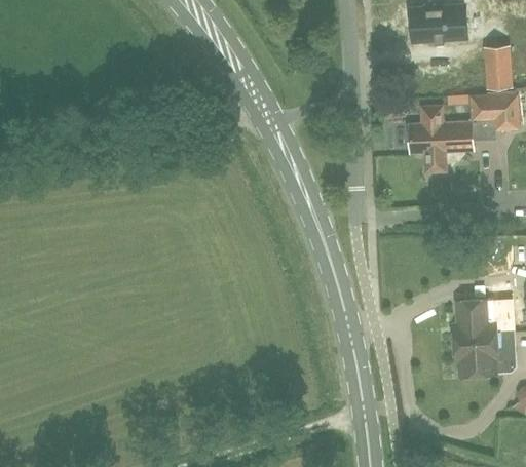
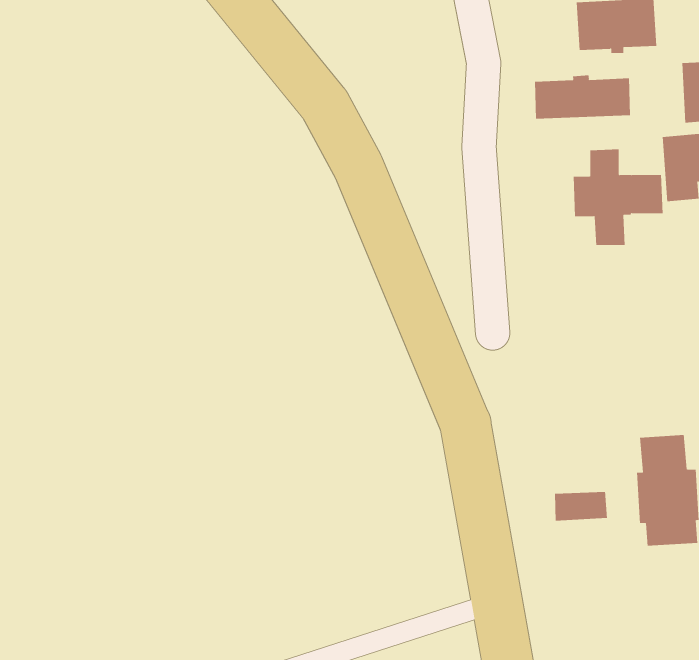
building: none -> [534,75,631,119]
building: none -> [555,491,607,522]

